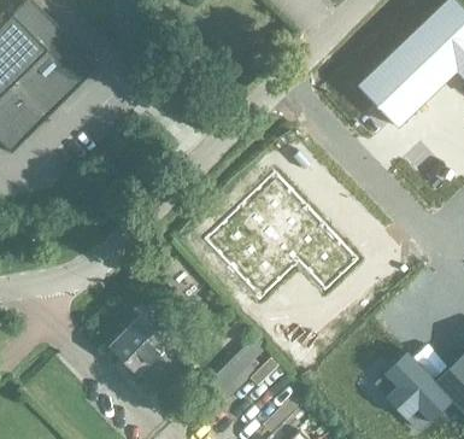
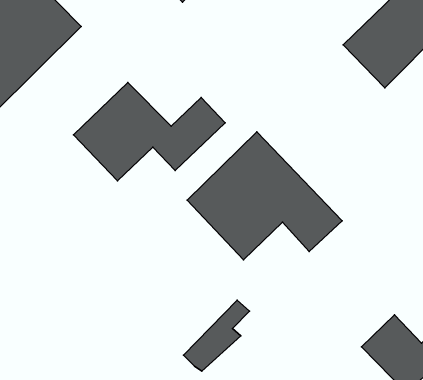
building: none -> [73,82,225,181]
building: [111,315,186,391] -> none

